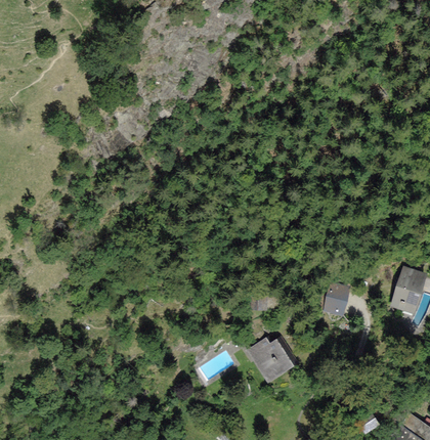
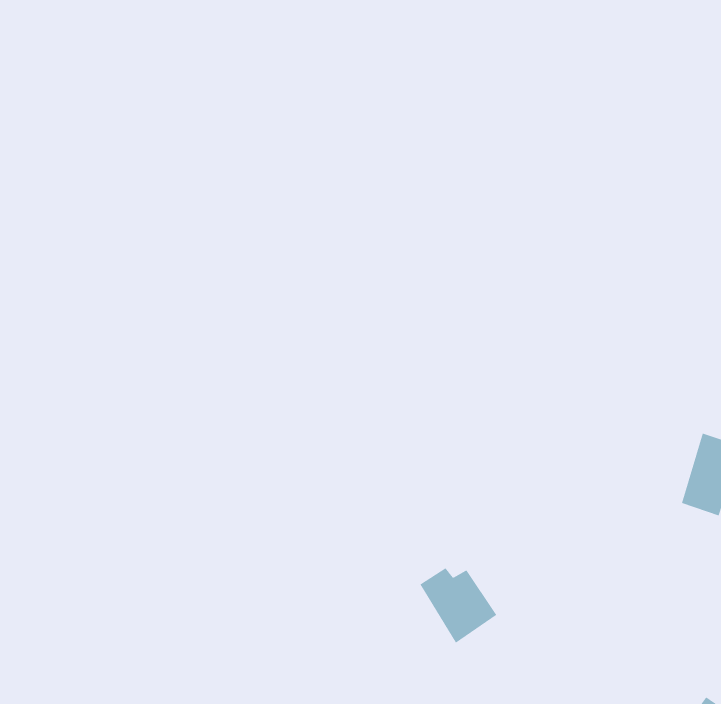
building: [326,283,349,313] -> none

